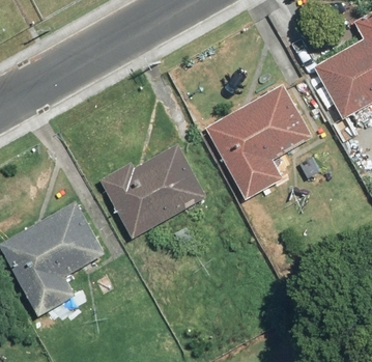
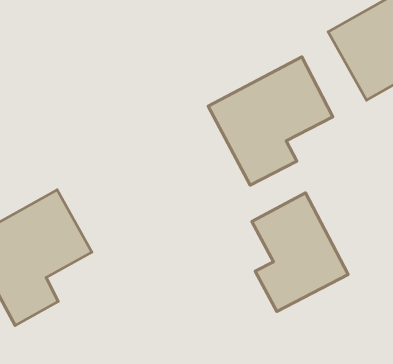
building: [98,144,209,241] -> none
building: none -> [252,193,348,312]

